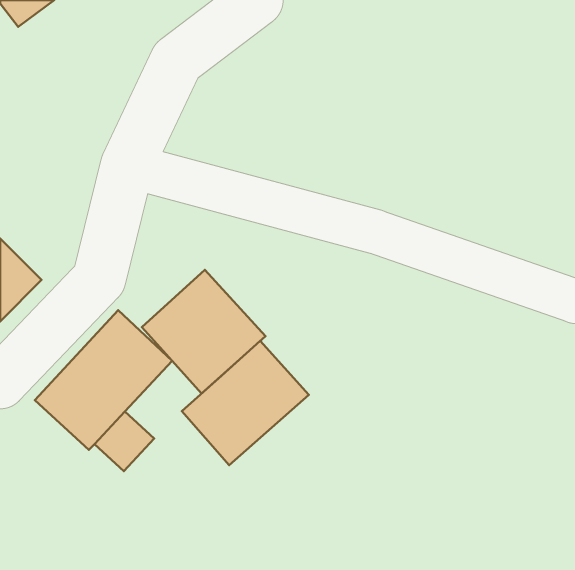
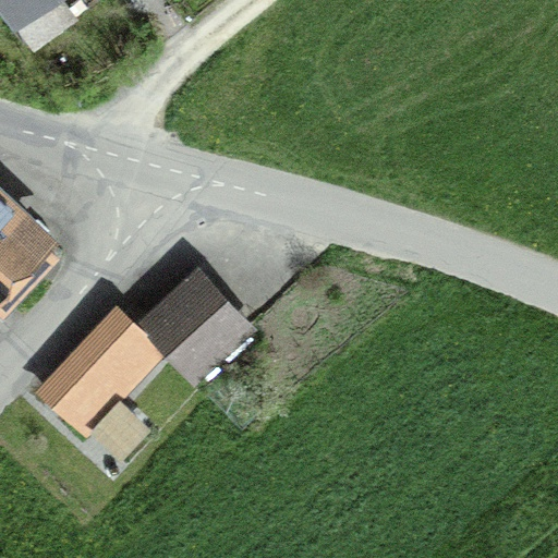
building: [182,341,309,465] -> none

